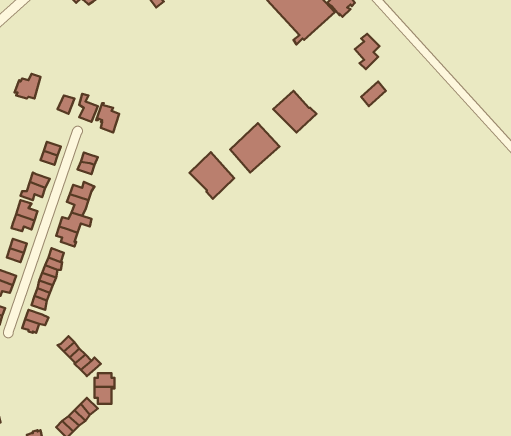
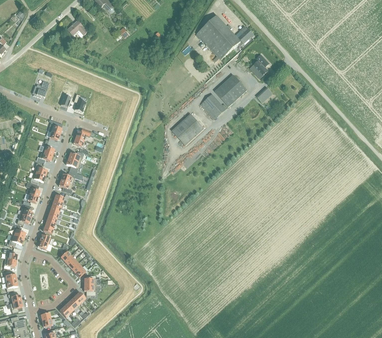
building: none -> [215,74,247,106]
building: [189,152,234,199] -> none

